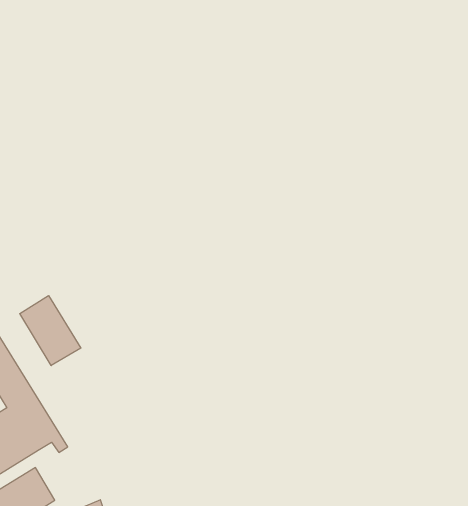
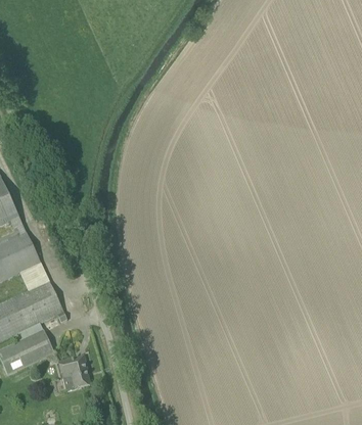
building: [20,296,81,366] -> none

